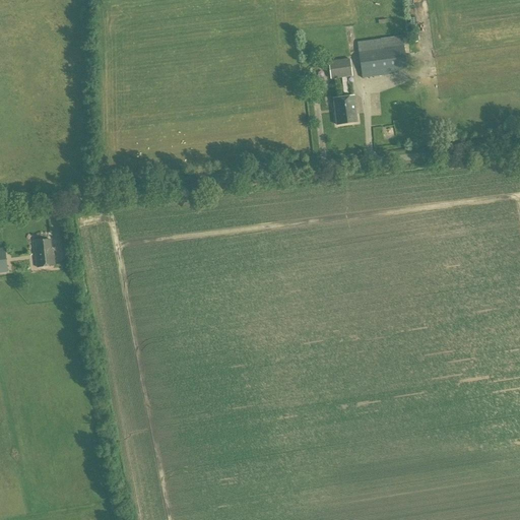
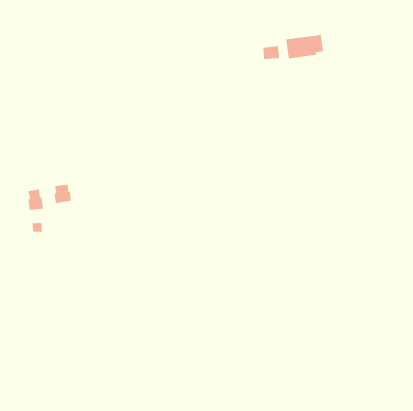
building: [332,74,358,122] -> none
building: none -> [54,184,72,204]

